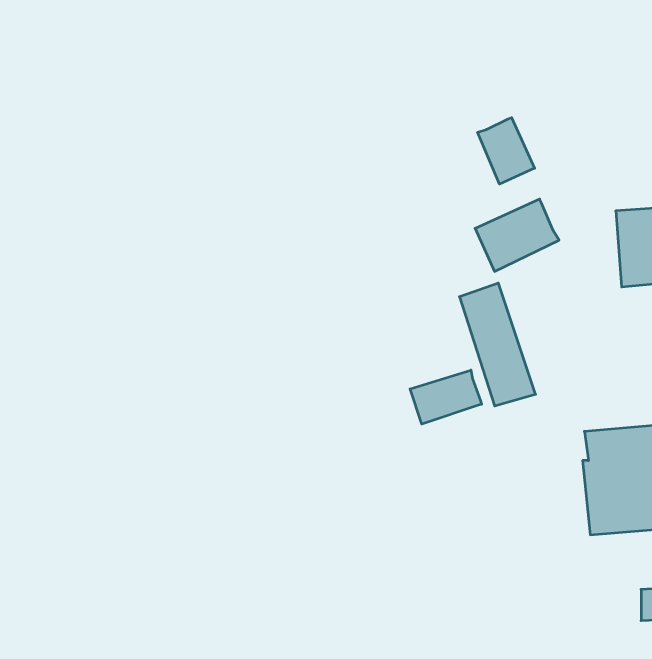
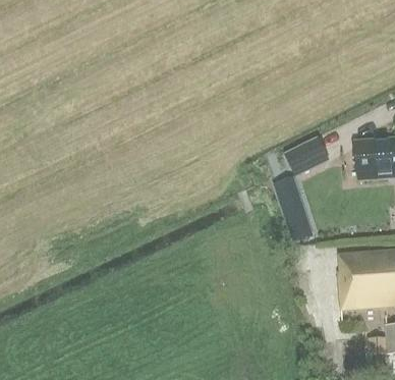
building: [478,118,535,184] -> none
building: [410,370,482,424] -> none

